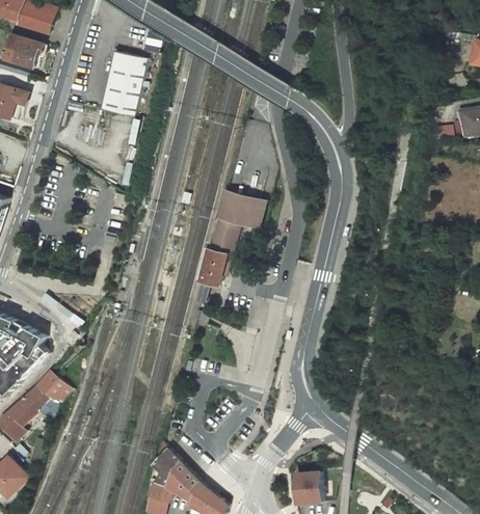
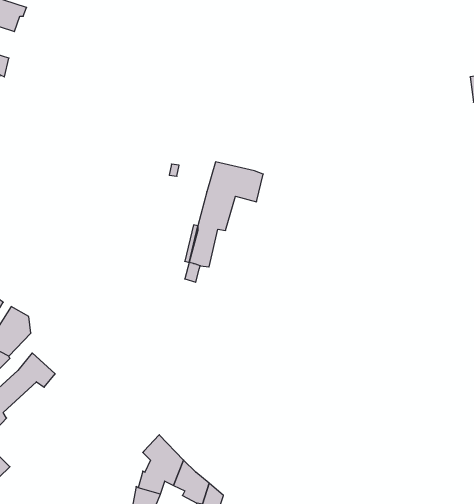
building: [96,51,141,117] -> none
building: [297,472,323,504] -> none

